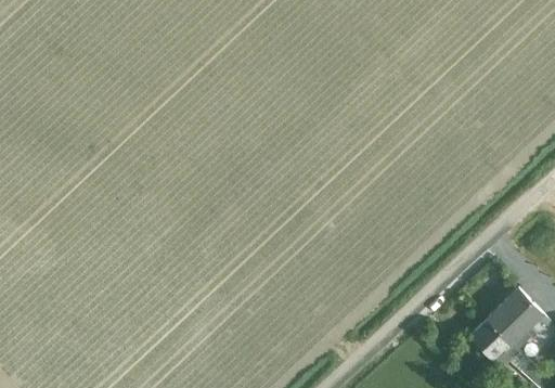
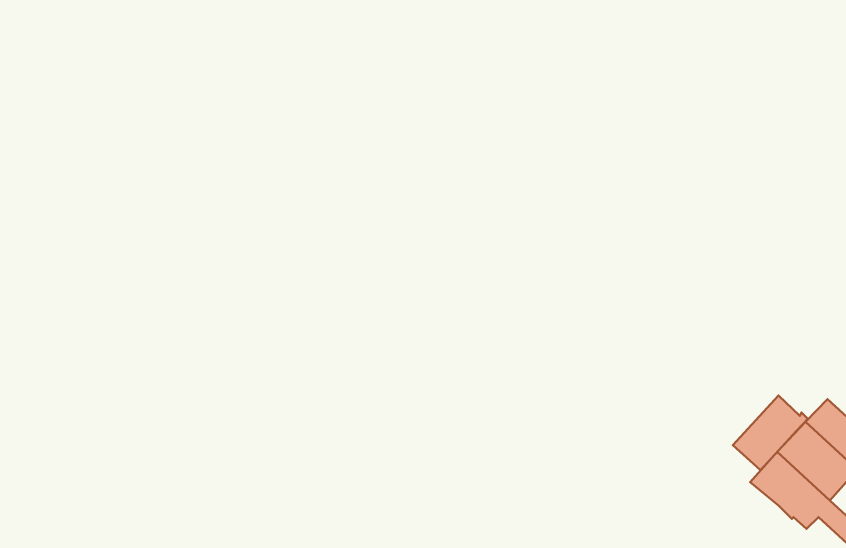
building: none -> [733,396,808,470]

